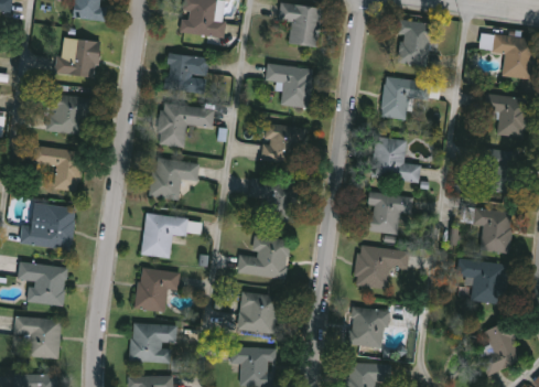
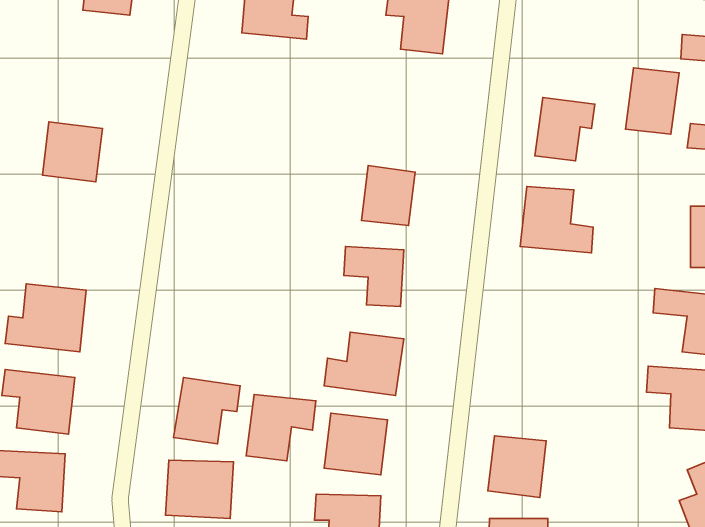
building: [395,20,431,65] -> [626,68,679,134]
building: [55,37,99,77] -> none
building: [164,53,207,92] -> none
building: [265,63,311,107] -> none
building: [157,101,214,147] -> none
building: [32,146,82,191] -> none
building: [149,157,198,200] -> none
building: [364,191,408,235] -> none
building: [140,213,187,258] -> [246,394,316,461]
building: [354,245,408,289] -> none

